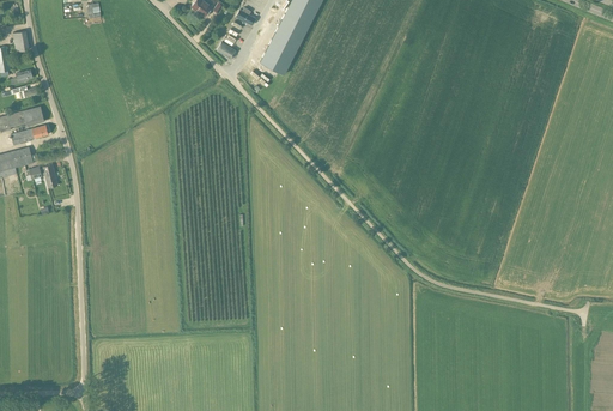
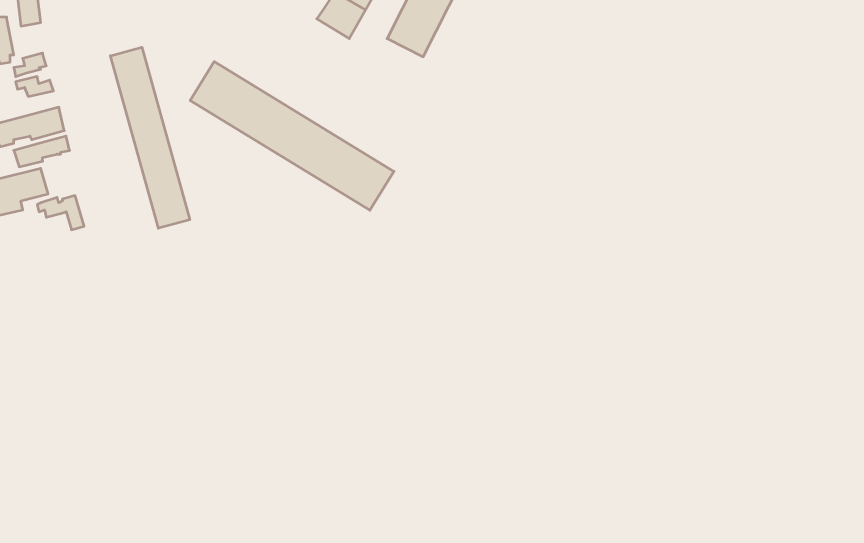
building: none -> [110,47,190,228]
building: none -> [190,62,394,210]

